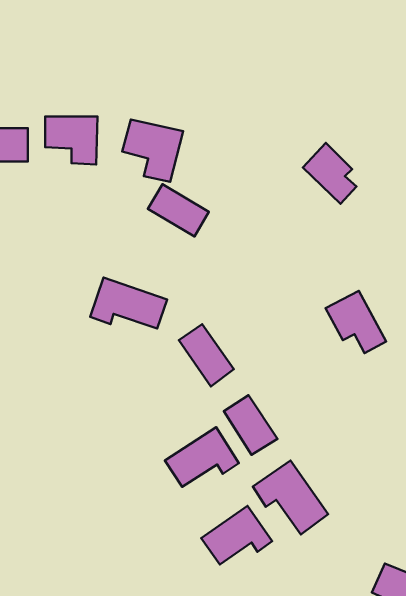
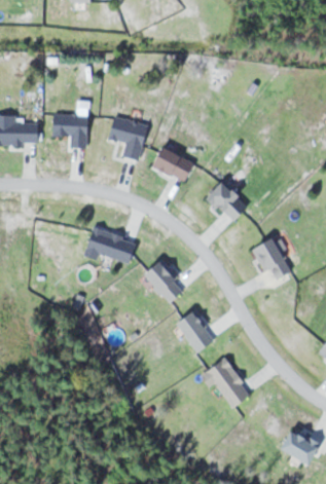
building: [303,143,356,204] -> [207,180,245,223]
building: [148,184,209,236] -> [151,146,194,183]
building: [165,427,239,487] -> none
building: [201,506,272,564] -> none

